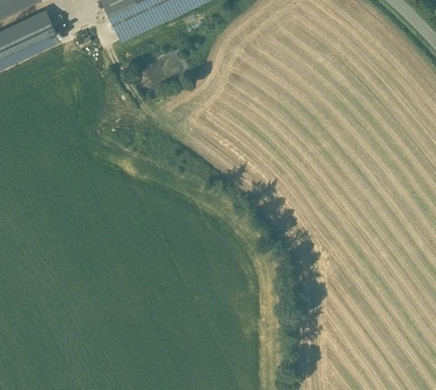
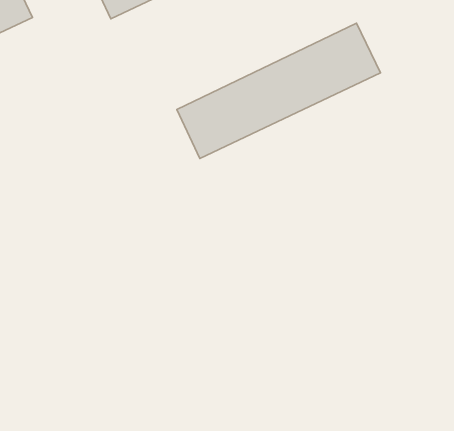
building: none -> [177,23,381,159]

